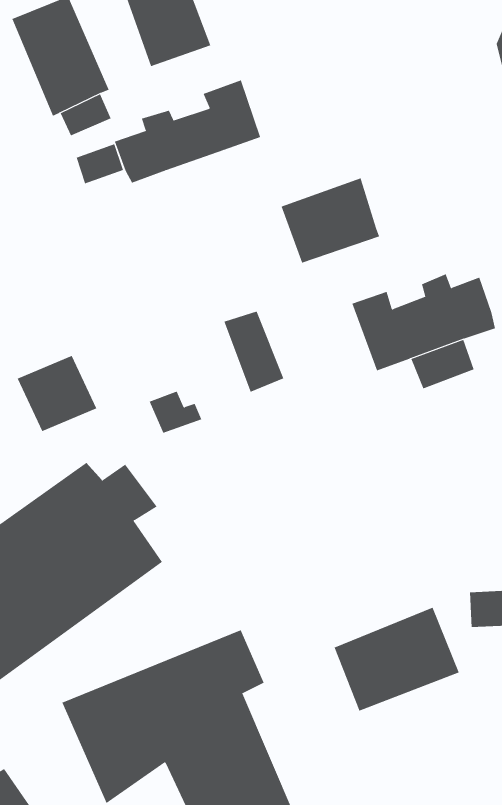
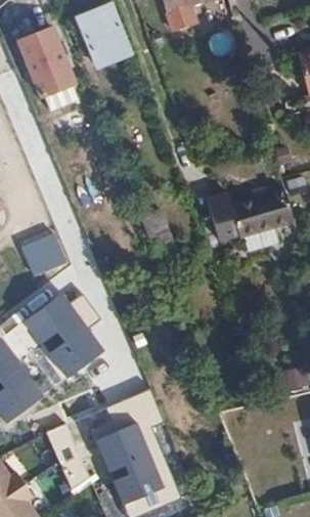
building: [114,80,261,184] -> none
building: [281,177,380,263] -> none
building: [334,607,460,711] -> none

